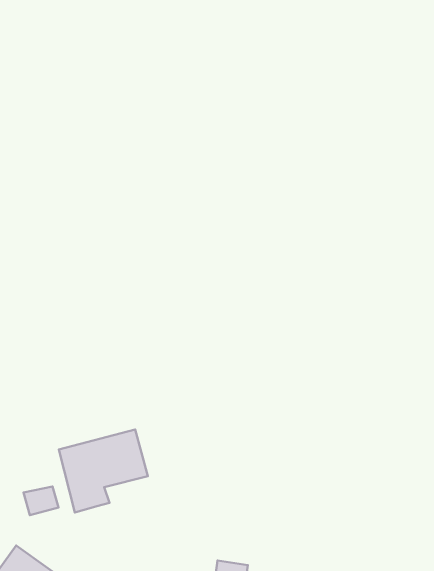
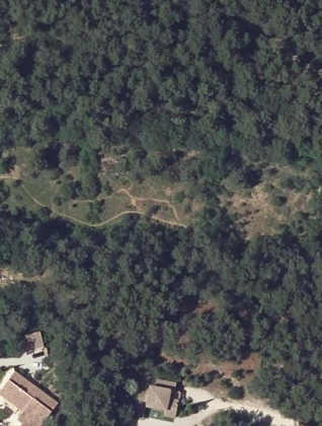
building: [59,429,148,513] -> none

